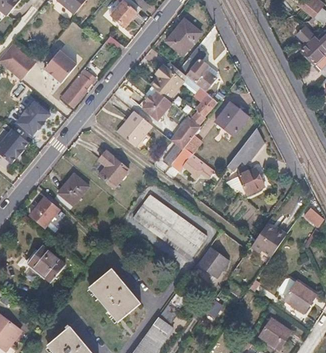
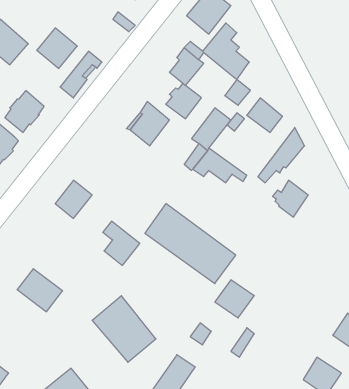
building: [99,151,129,187] -> [103,221,140,265]
building: [30,192,62,227] -> none
building: [249,223,285,256] -> none

